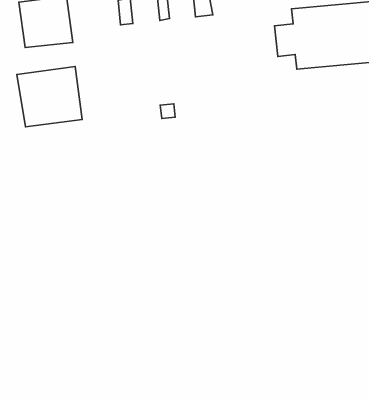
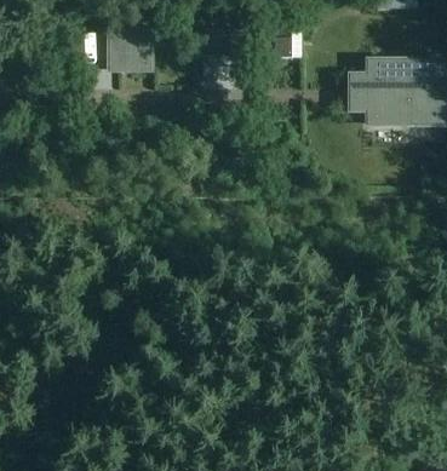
building: [17,67,82,127] -> none

